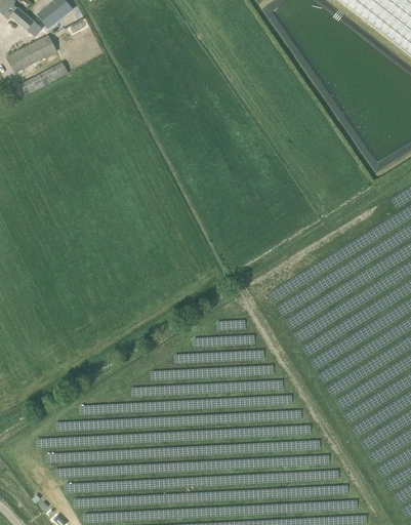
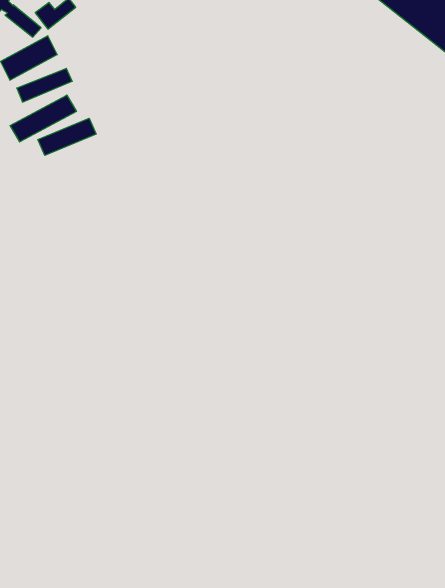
building: none -> [10,95,76,142]
building: none -> [38,118,96,155]

